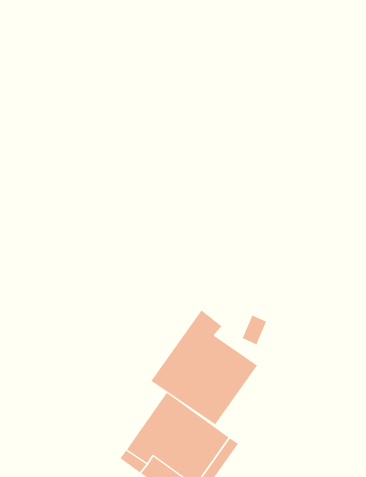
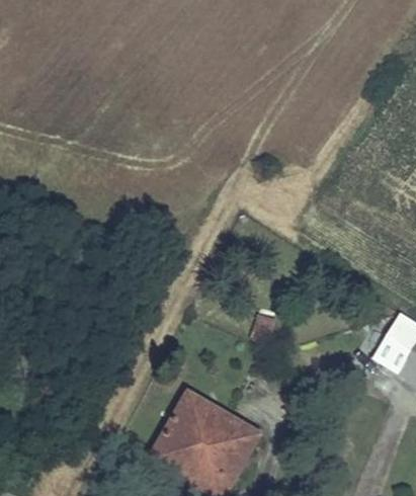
building: [151,310,258,425] -> none

